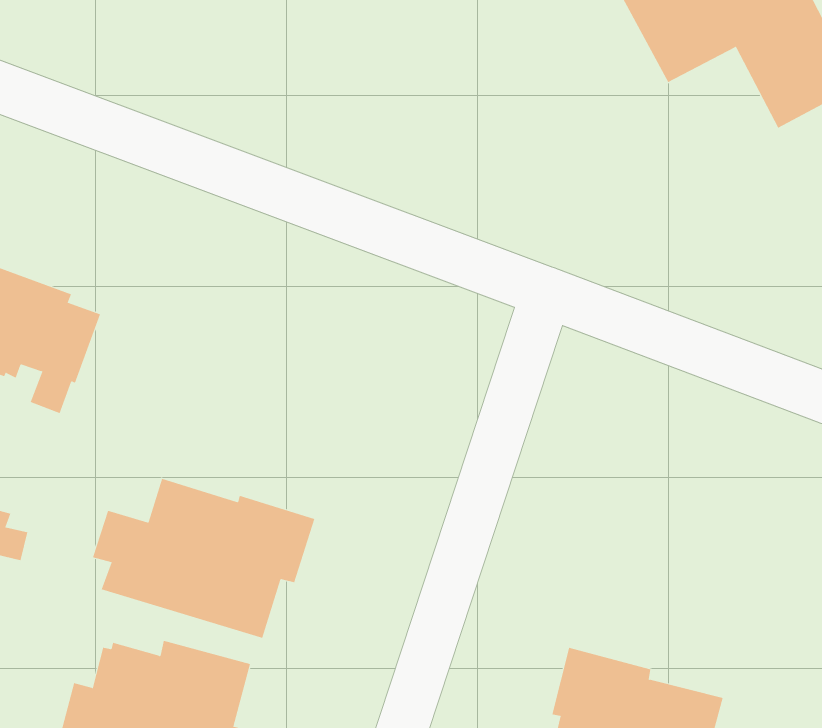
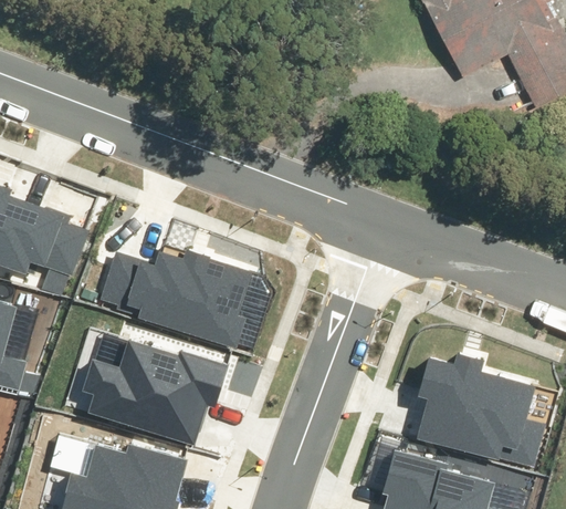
building: none -> [99,248,253,349]
building: none -> [419,351,546,467]

